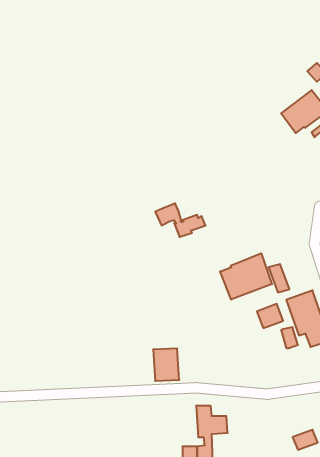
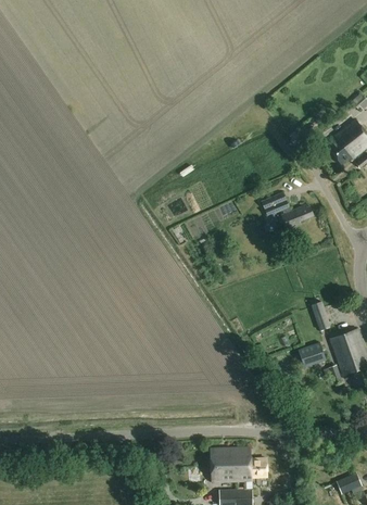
building: [155,203,206,237] -> [262,193,314,228]
building: [220,253,272,300] -> none
building: [153,348,179,381] -> [211,447,238,481]

